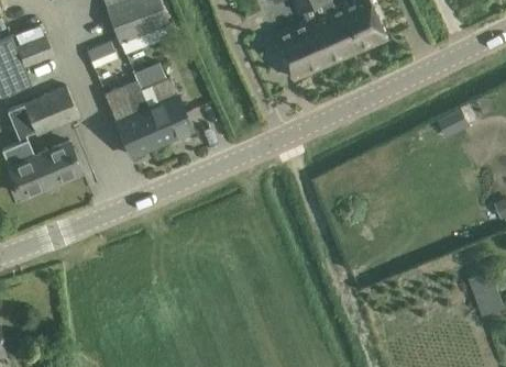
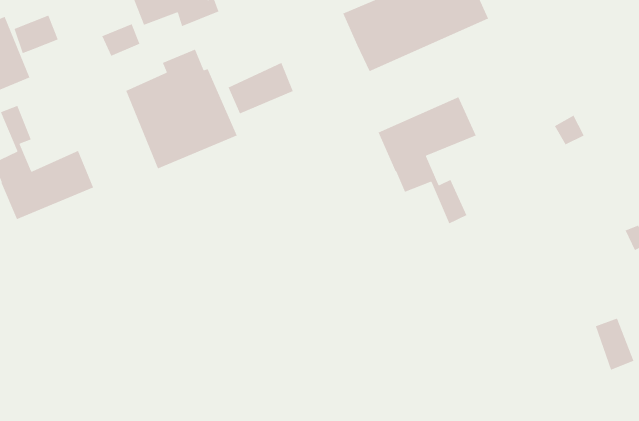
building: none -> [228,62,294,114]
building: [21,87,77,136] -> none
building: none -> [378,96,477,224]

